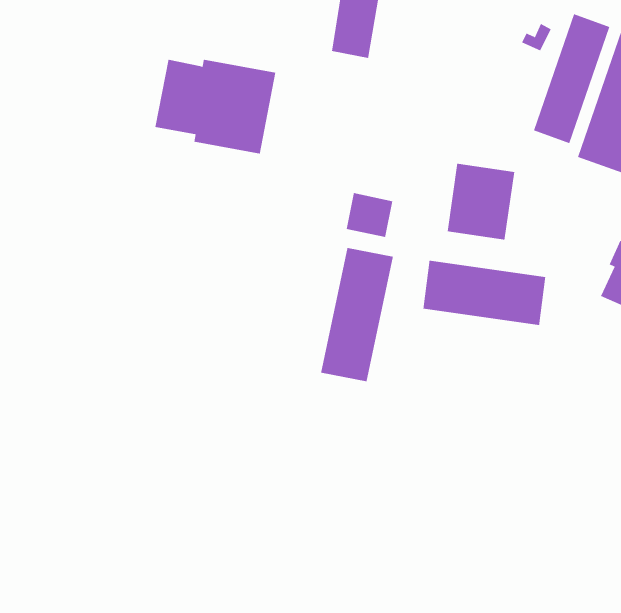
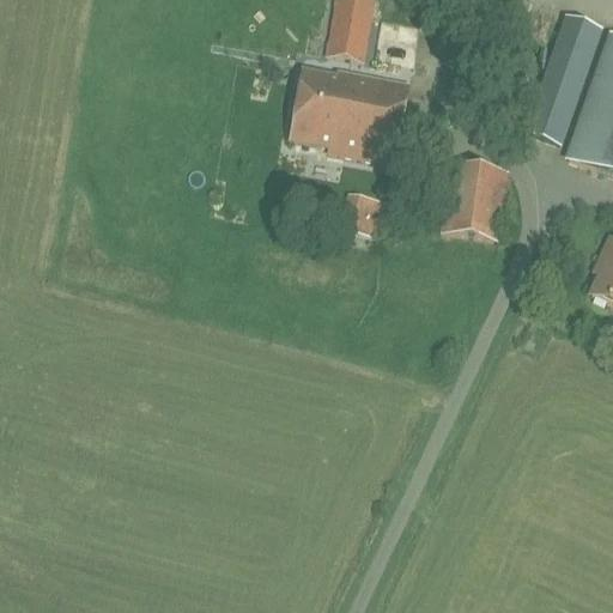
building: [155,59,276,154] -> [290,68,409,162]
building: [320,247,394,382] -> none
building: [423,260,546,326] -> none

